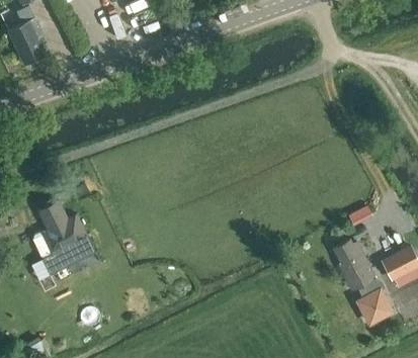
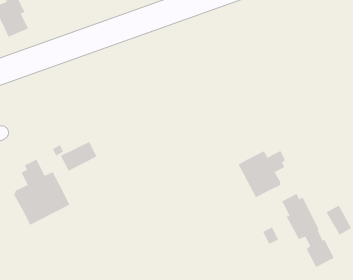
building: none -> [60,141,97,172]
building: none -> [238,150,286,198]

